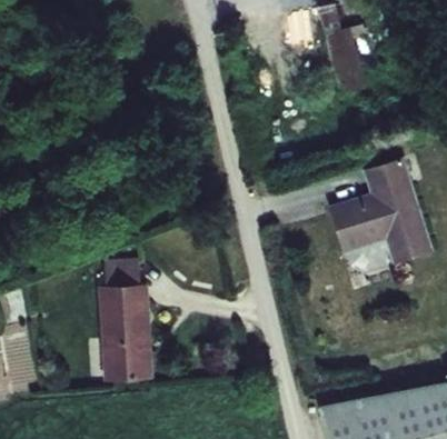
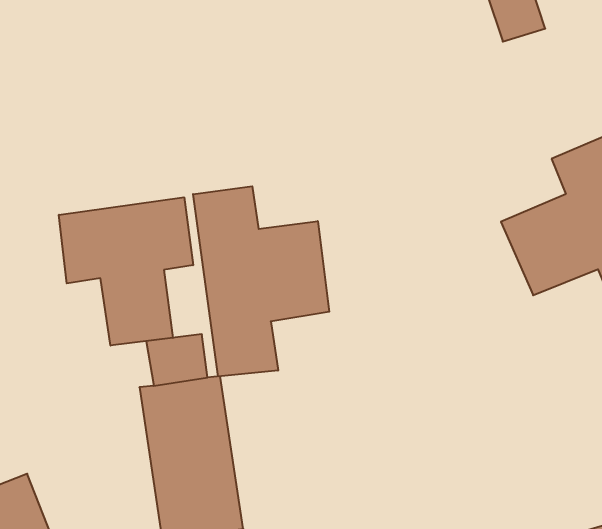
building: none -> [193,186,329,376]
building: none -> [59,197,193,346]

